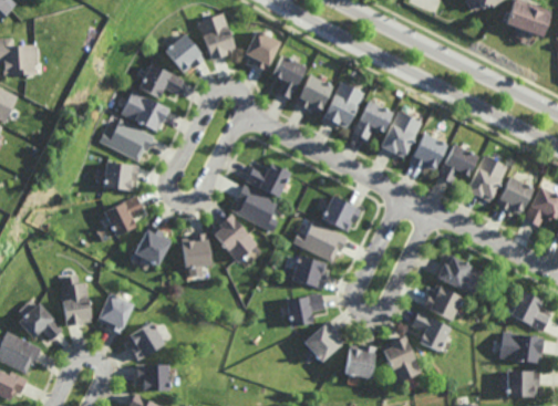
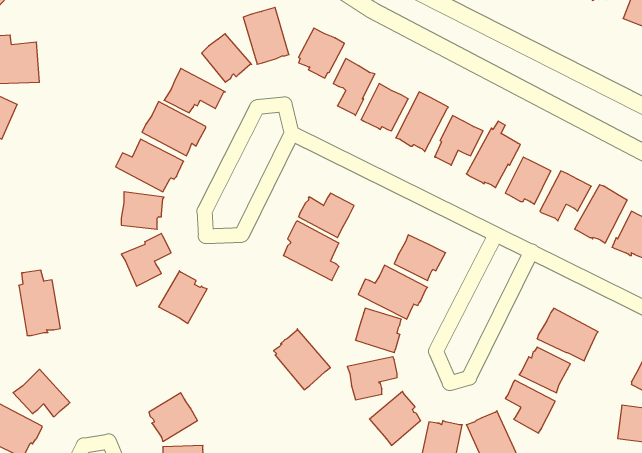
building: [211,214,257,262] -> [274,329,330,390]
building: [182,233,211,269] -> none
building: [60,274,93,326] -> [19,270,60,335]
building: [97,293,134,333] -> none

